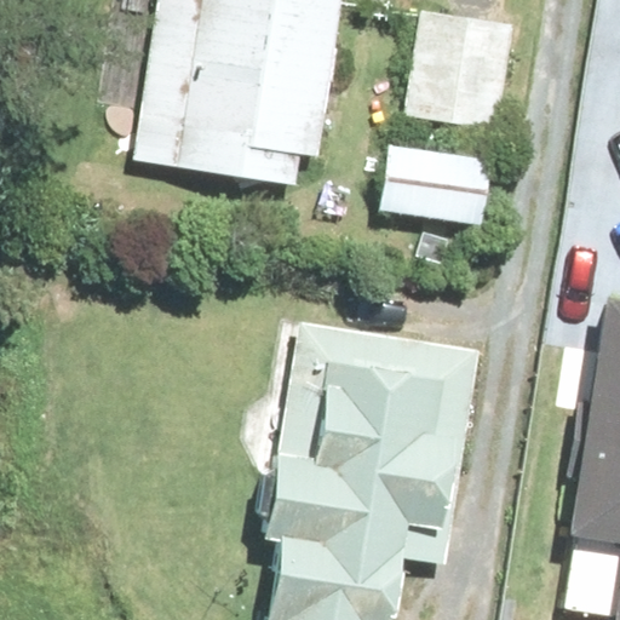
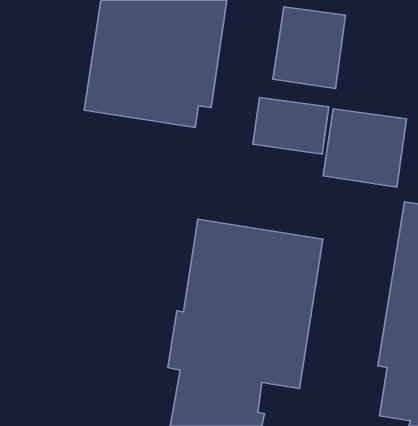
building: none -> [323,109,406,187]

